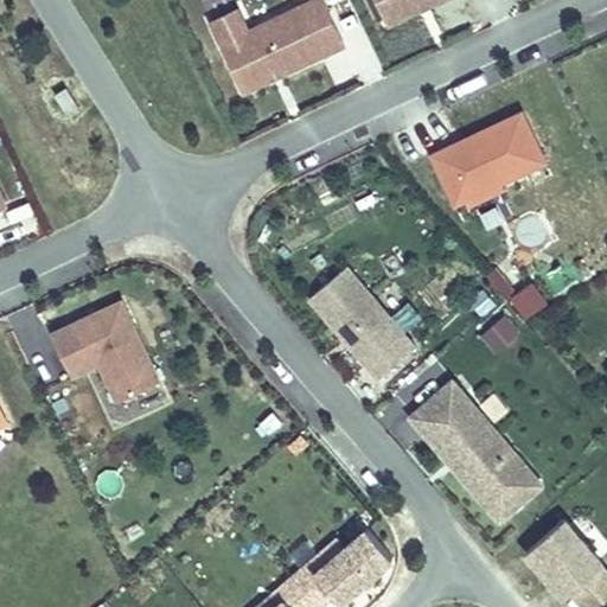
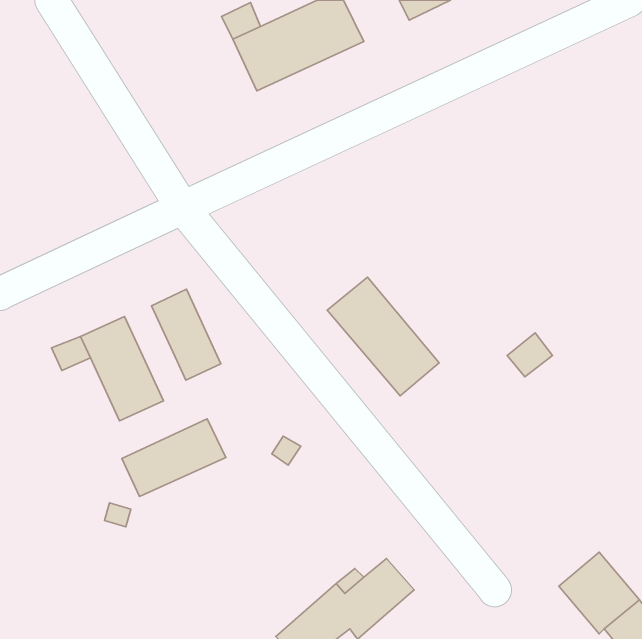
building: [434,116,547,209] -> none
building: none -> [152,289,221,380]
building: [411,382,541,519] -> none
building: none -> [122,419,226,497]

